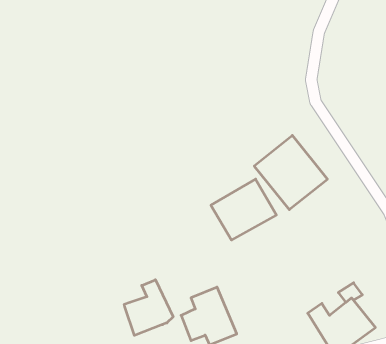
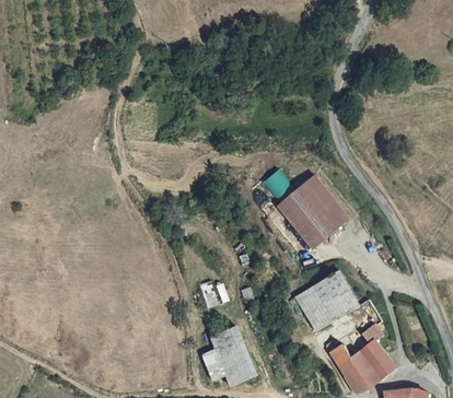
building: [211,179,276,240] -> [292,270,358,331]
building: [124,280,173,335] -> none

